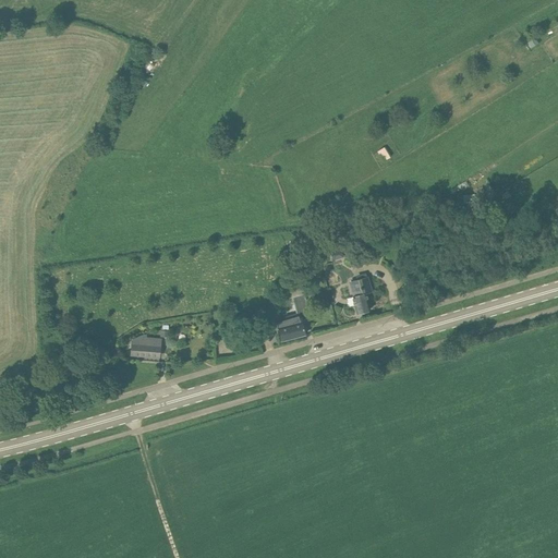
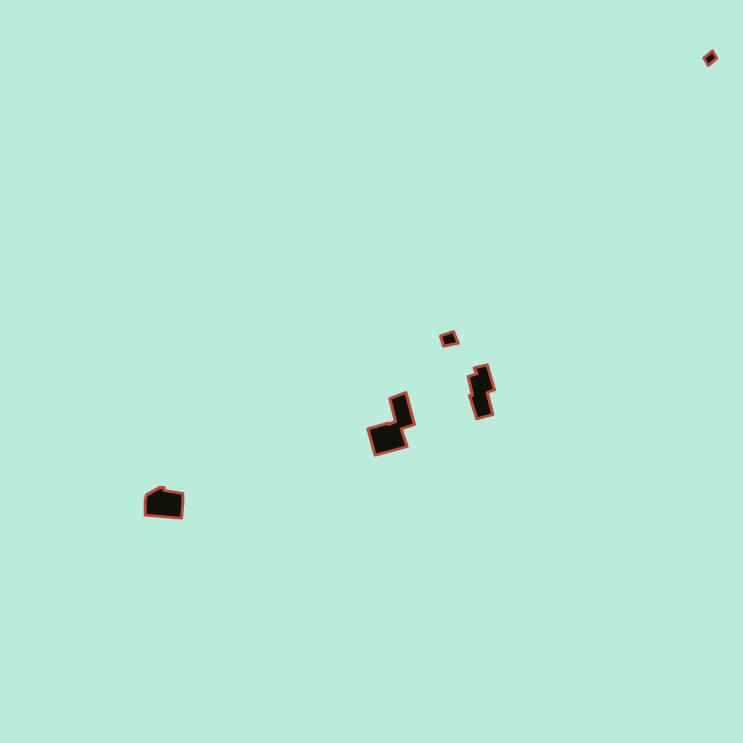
building: [132,335,160,357] -> [145,488,183,518]

